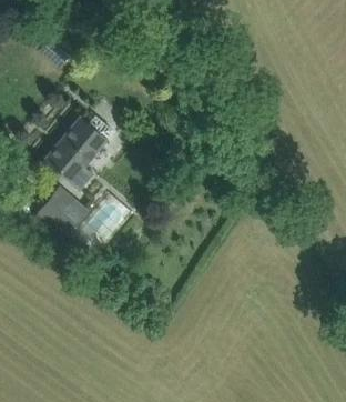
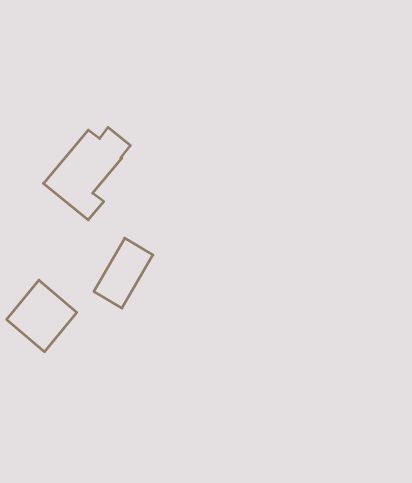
building: [32,185,88,242] -> [7,280,77,352]

